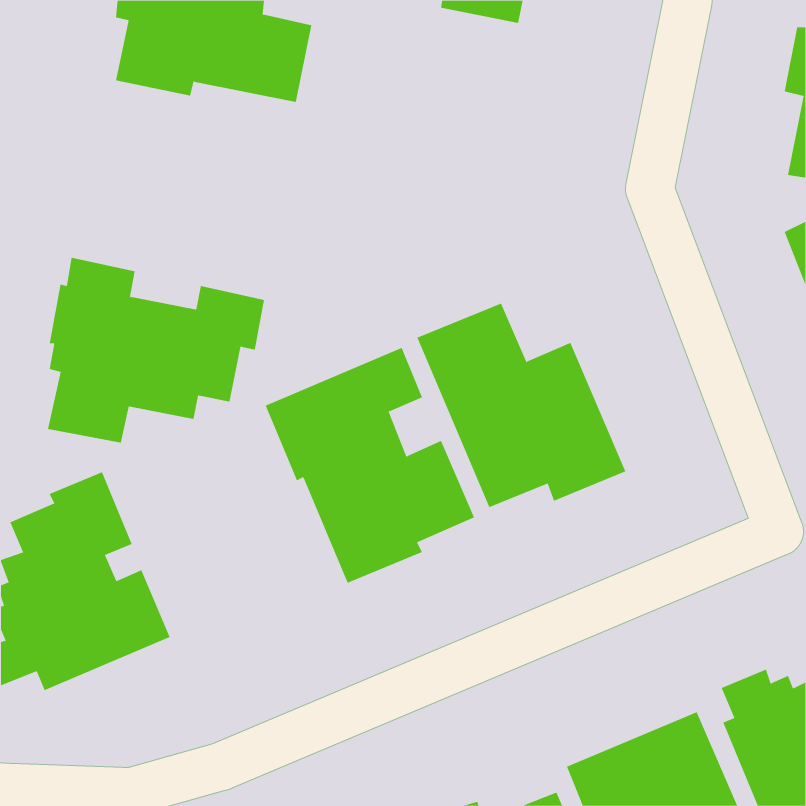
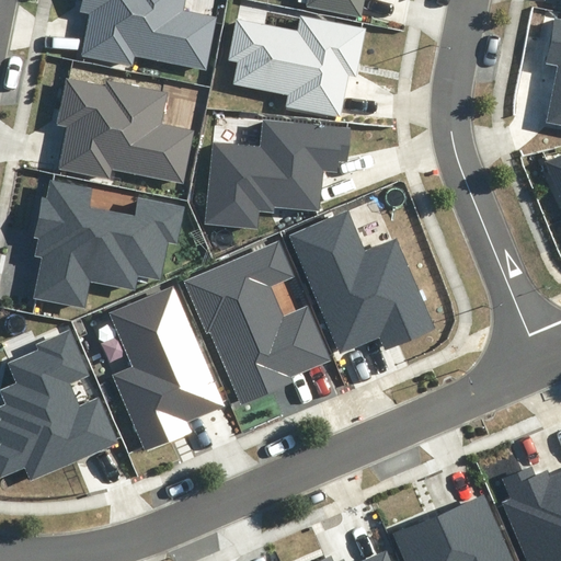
building: none -> [228,14,366,116]
building: none -> [57,78,195,184]
building: none -> [204,119,350,230]
building: none -> [110,285,226,451]

